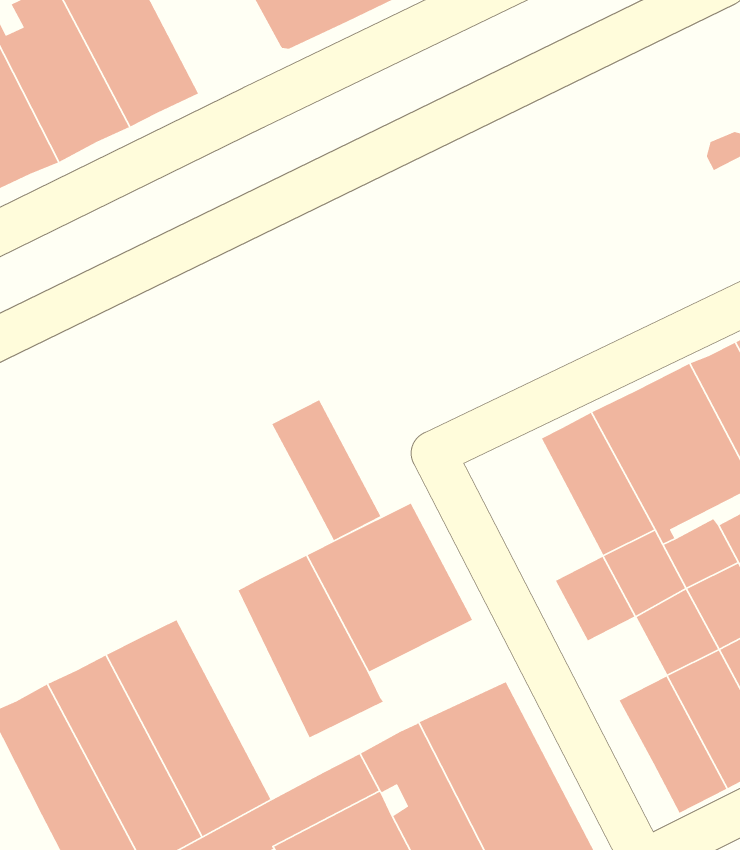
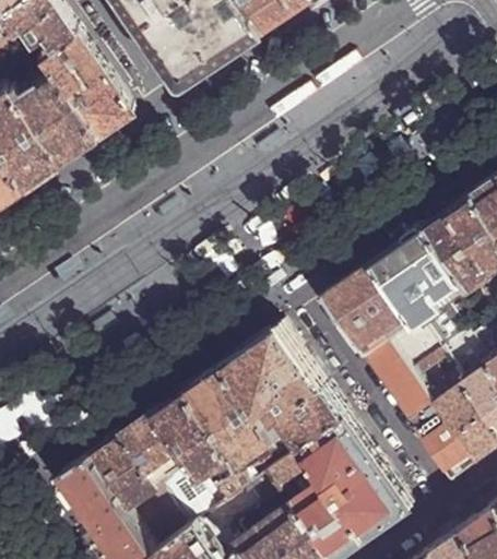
building: [271,399,382,541] -> [321,282,390,360]
building: none -> [156,390,250,504]
building: none -> [388,374,435,423]
building: none -> [268,389,345,451]

